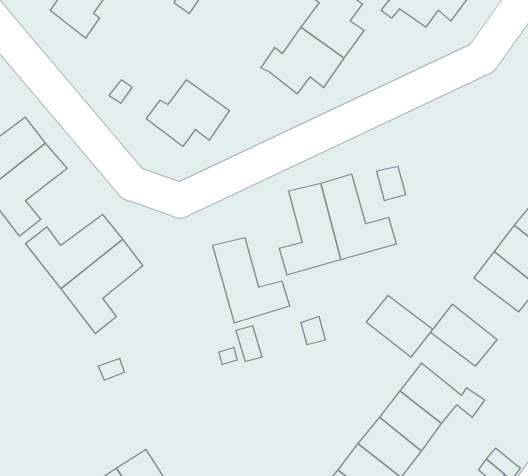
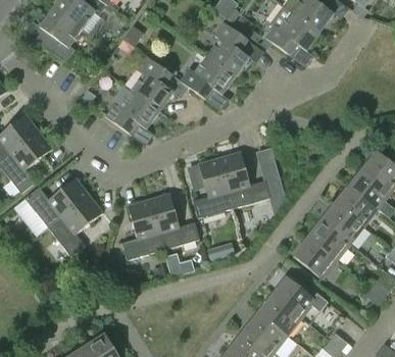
building: none -> [131,57,186,110]
building: none -> [121,199,162,260]
building: [366,295,433,357] -> [306,220,350,261]

